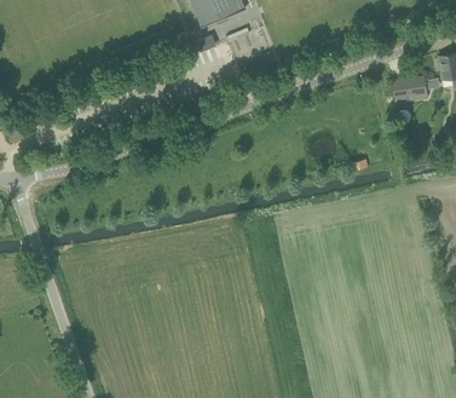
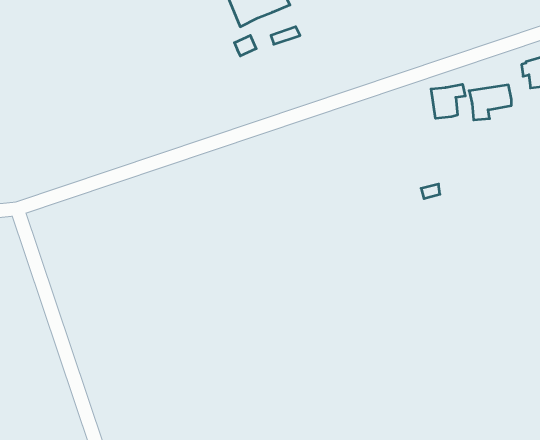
building: none -> [431,84,465,118]

